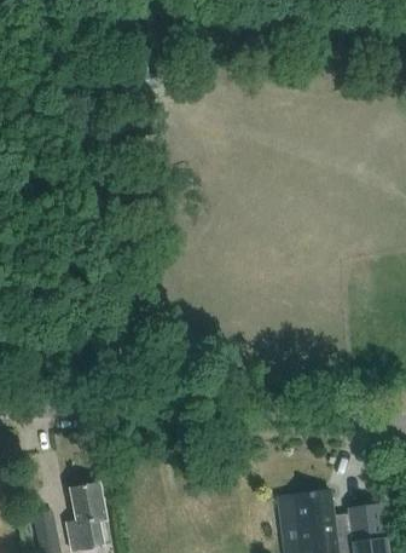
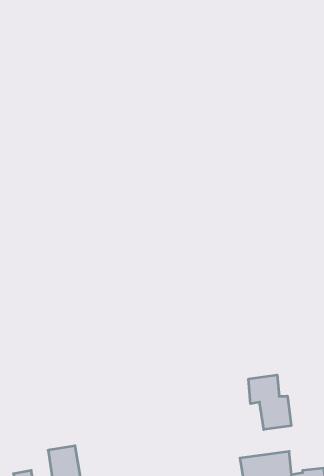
building: none -> [249,375,291,430]

